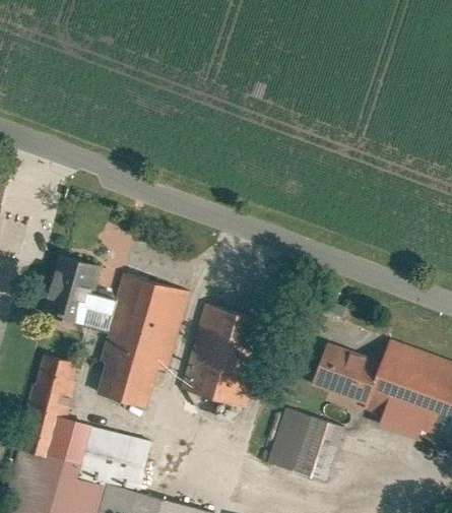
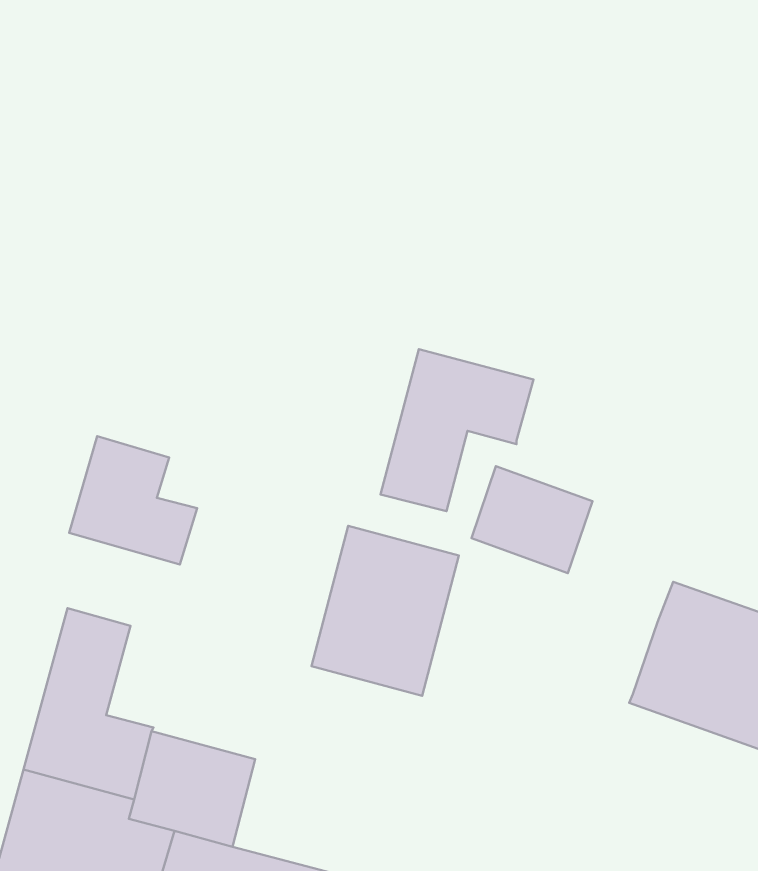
building: none -> [381,349,534,511]
building: [98,276,189,404] -> none
building: [312,343,382,405] -> [471,466,593,573]
building: [267,409,340,480] -> none

